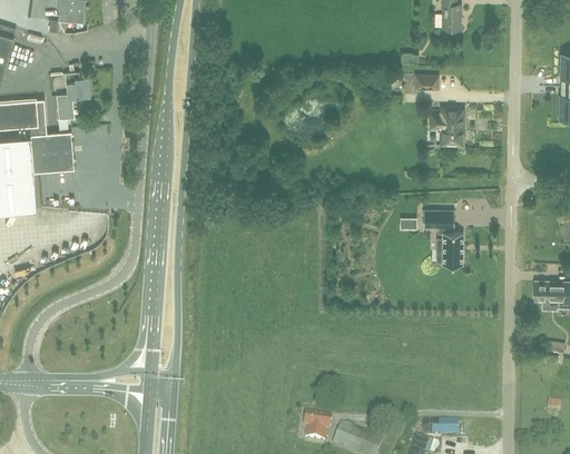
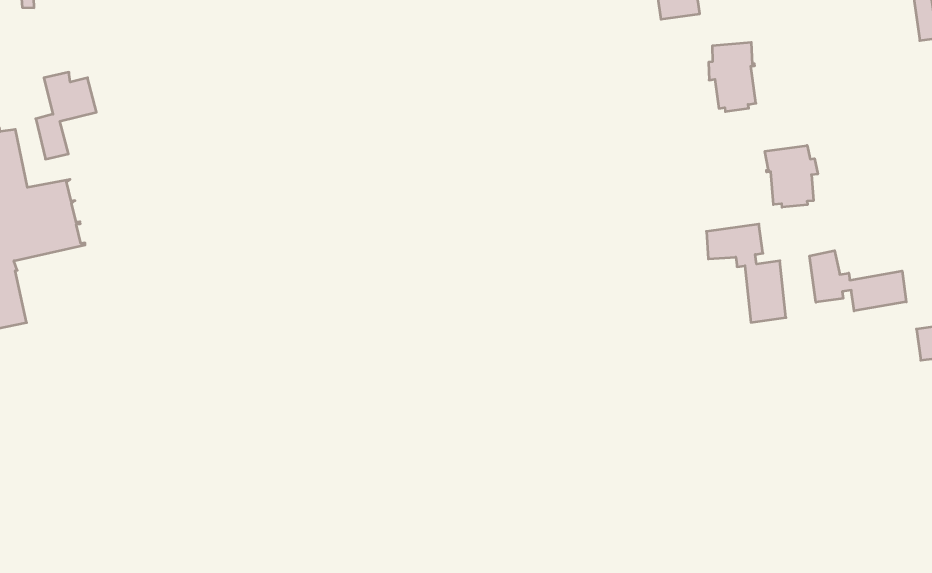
building: none -> [765,145,818,207]
building: none -> [810,251,906,311]

